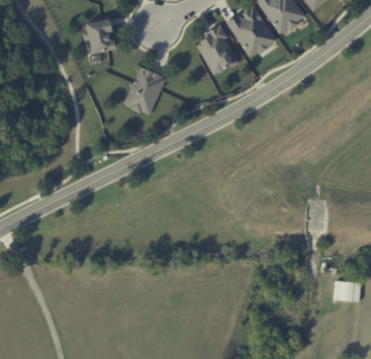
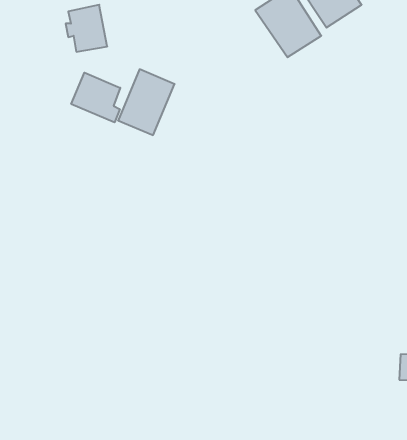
building: [195,27,240,76] -> none
building: none -> [71,73,120,122]

